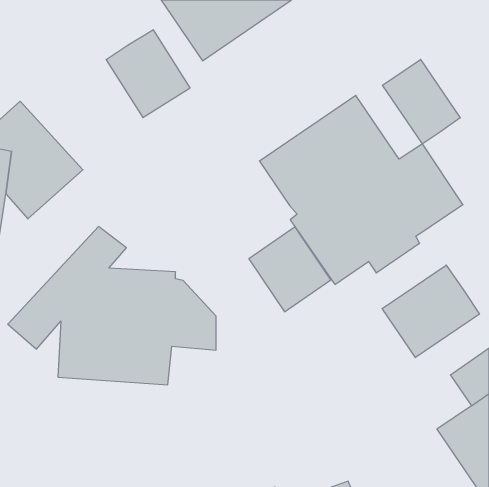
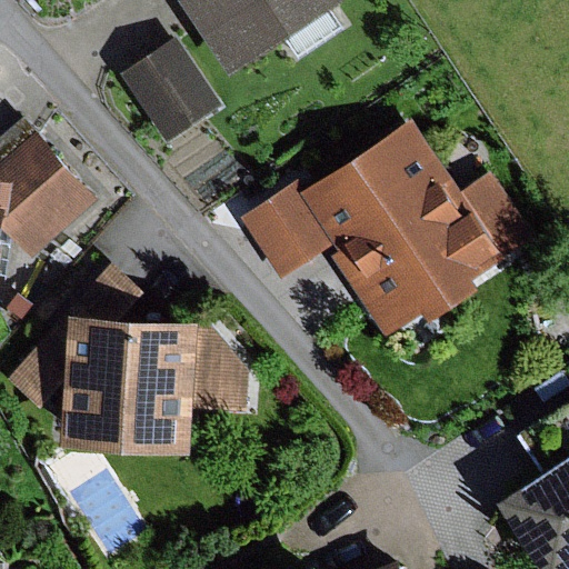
building: [383,59,460,144] -> none
building: [249,227,331,312] -> [239,182,333,280]
building: [382,265,479,358] -> none

